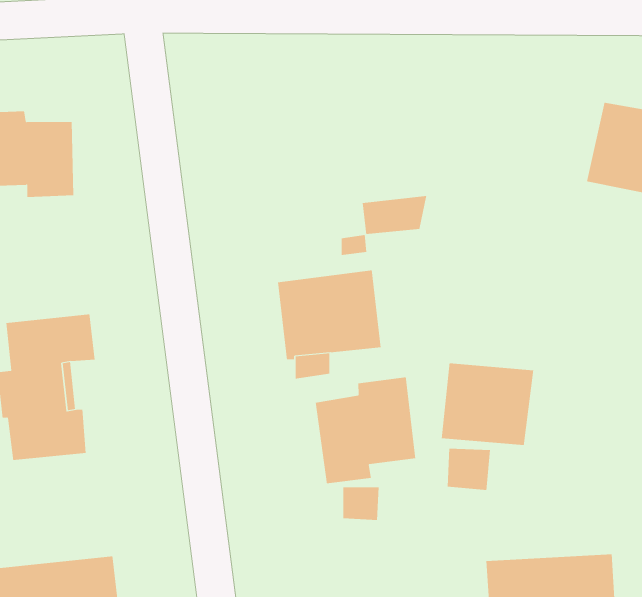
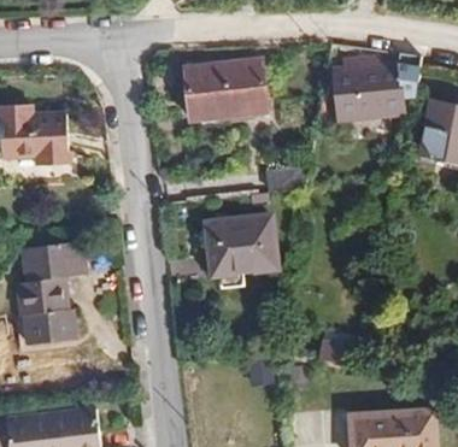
building: none -> [184,57,268,119]
building: none -> [333,57,421,122]
building: [441,363,534,446] -> none
building: [315,376,416,484] -> none

